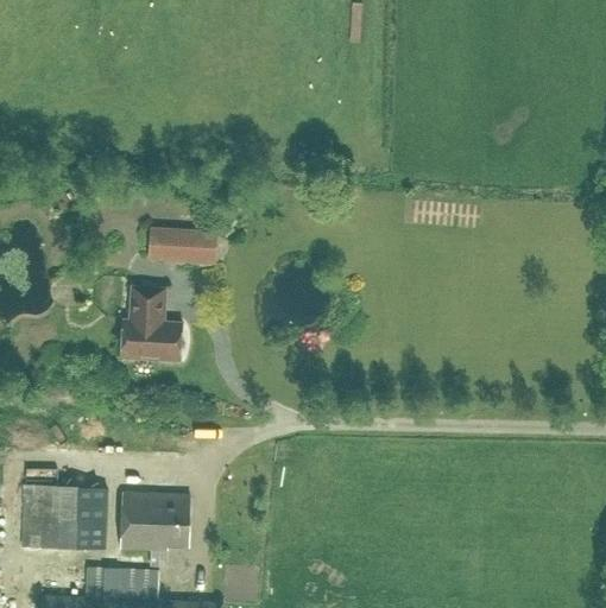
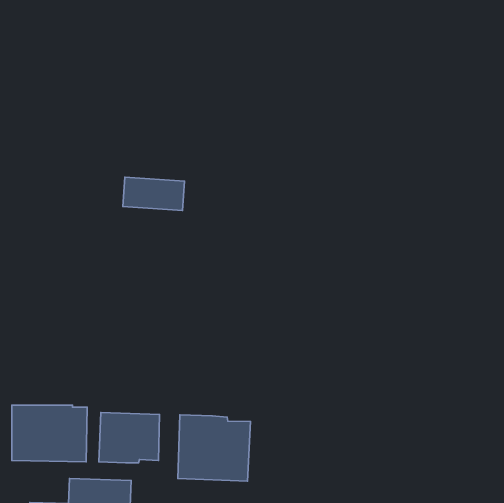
building: [120,286,182,361] -> none
building: none -> [178,415,250,481]

